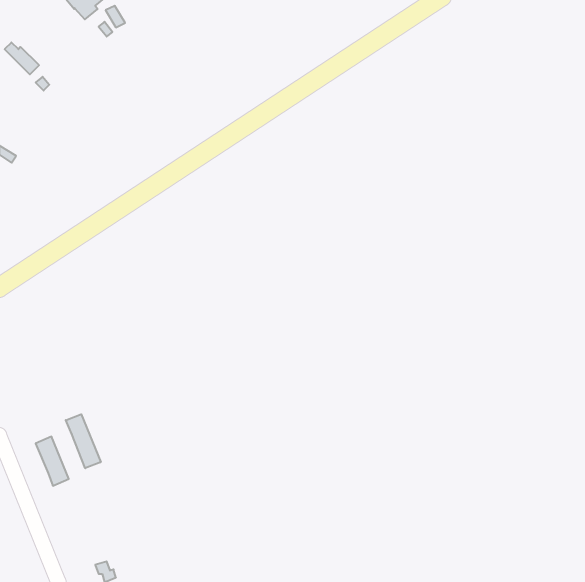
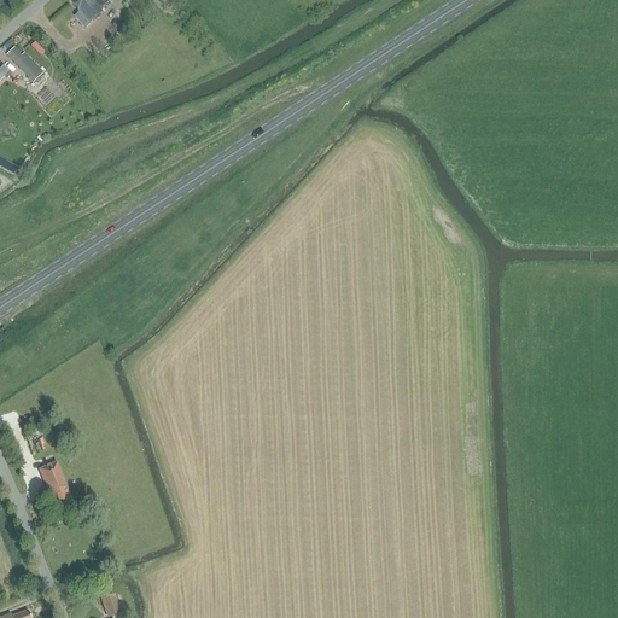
building: [66,414,101,468] -> none

